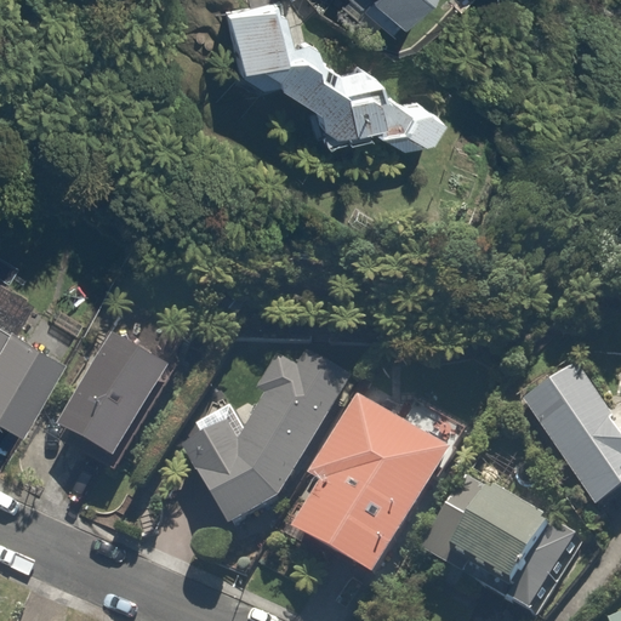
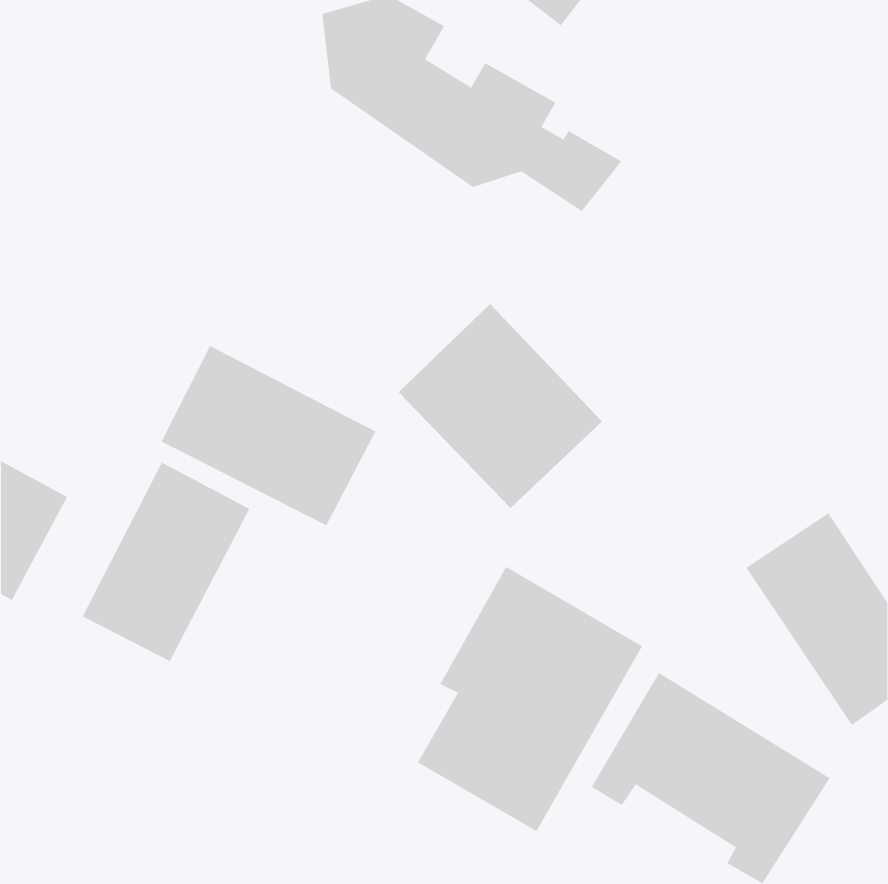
building: none -> [398,303,603,509]
building: none -> [161,345,376,526]
building: [176,347,351,529] -> none

